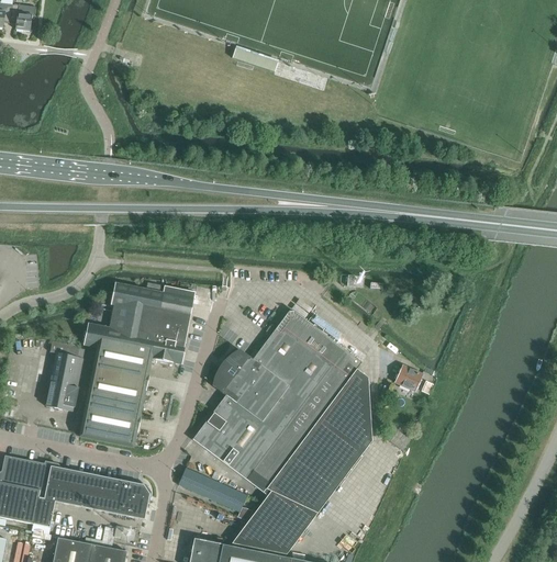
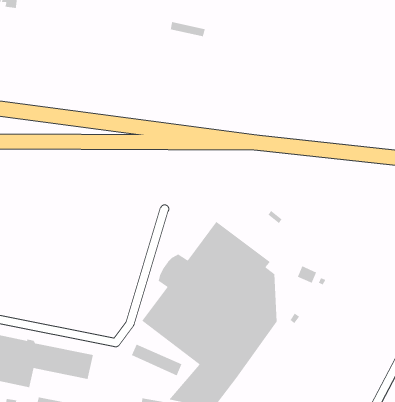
building: [80,282,196,447] -> none
building: [46,341,83,412] -> none
building: [123,483,148,520] -> none

